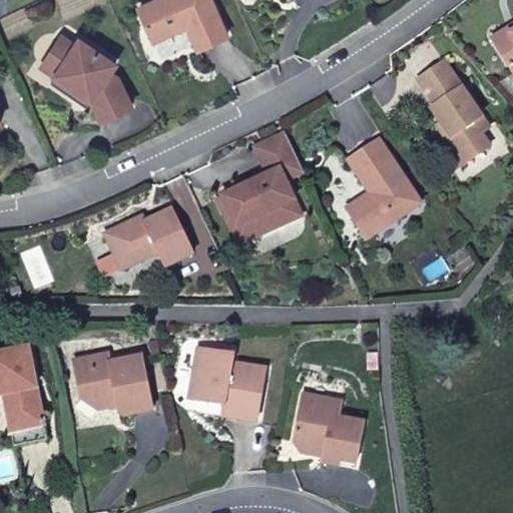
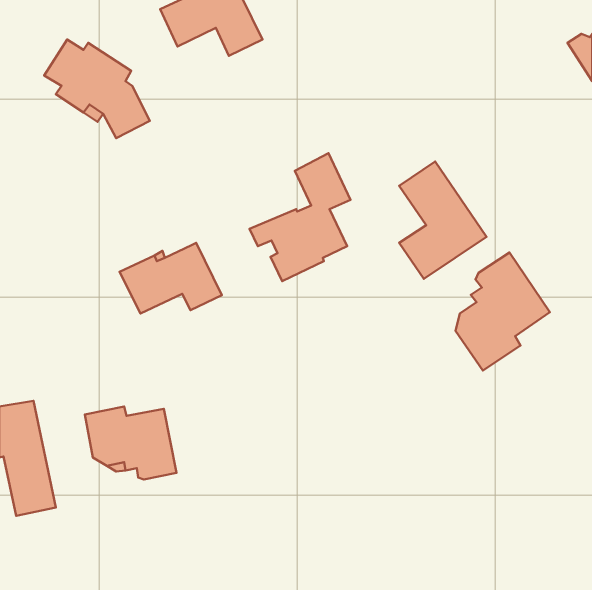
building: [415,57,489,163] -> none
building: none -> [455,252,550,371]
building: [189,346,267,420] -> none
building: [294,389,364,464] -> none

